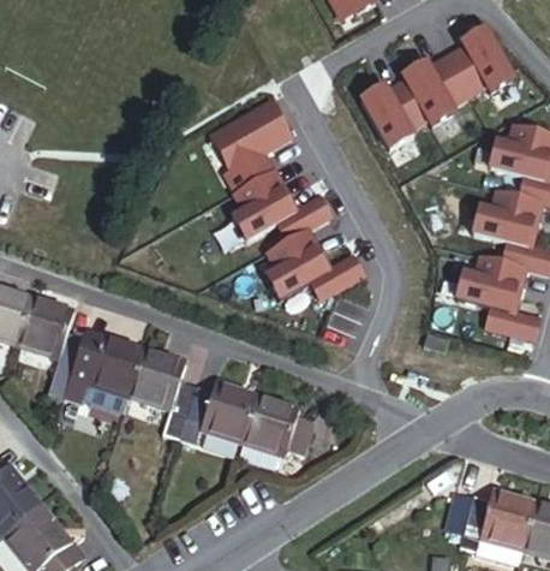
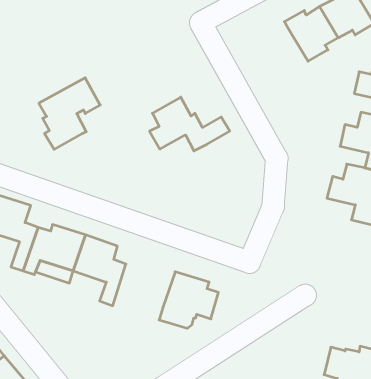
building: [359,81,426,151] -> none
building: [213,101,291,192] -> [39,78,100,149]
building: [263,232,361,301] -> none
building: [181,381,261,442] -> none

